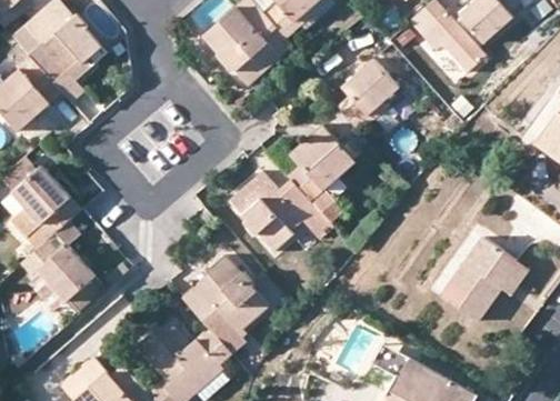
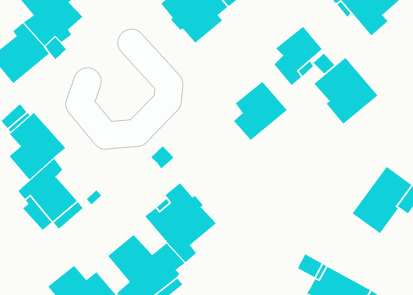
building: none -> [314,57,378,125]
building: [233,173,336,252] -> none

